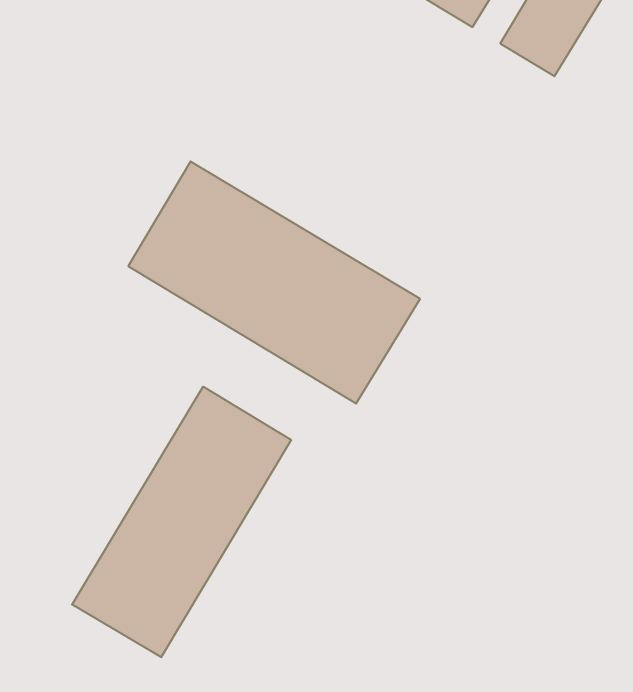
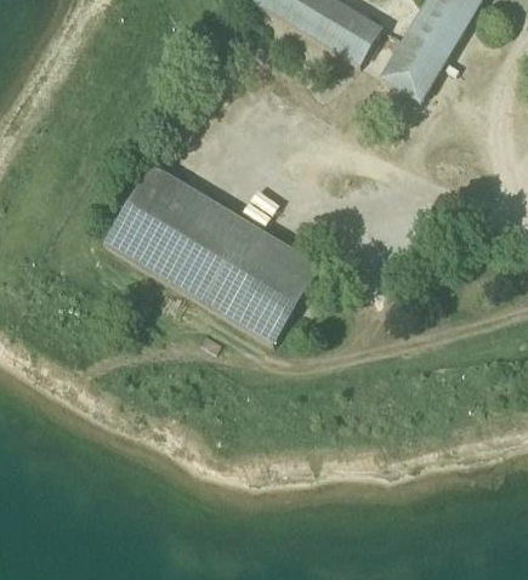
building: [72,387,291,657] -> none

